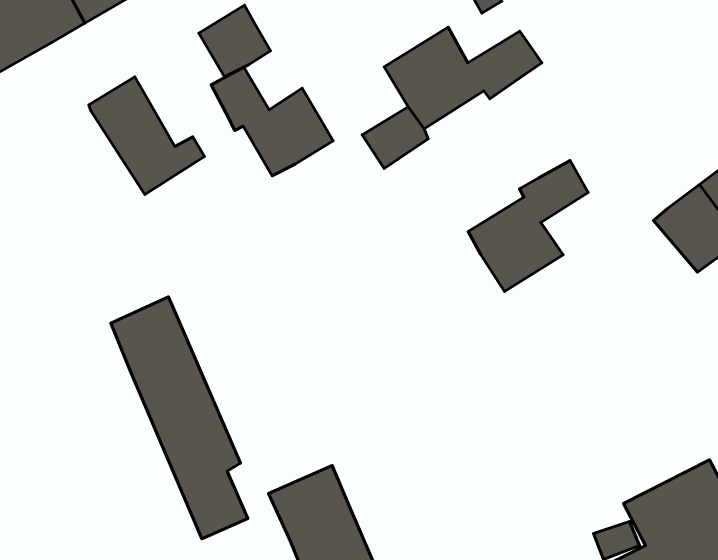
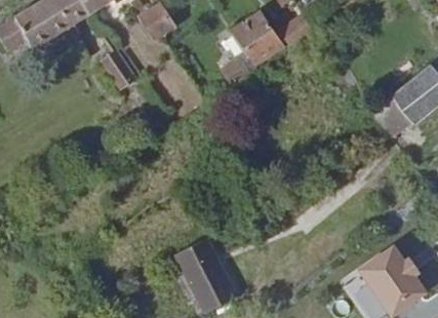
building: [211,67,333,176] -> none
building: [468,160,588,291] -> none
building: [111,297,248,539] -> none

